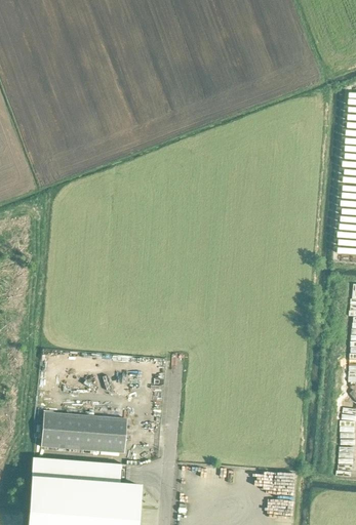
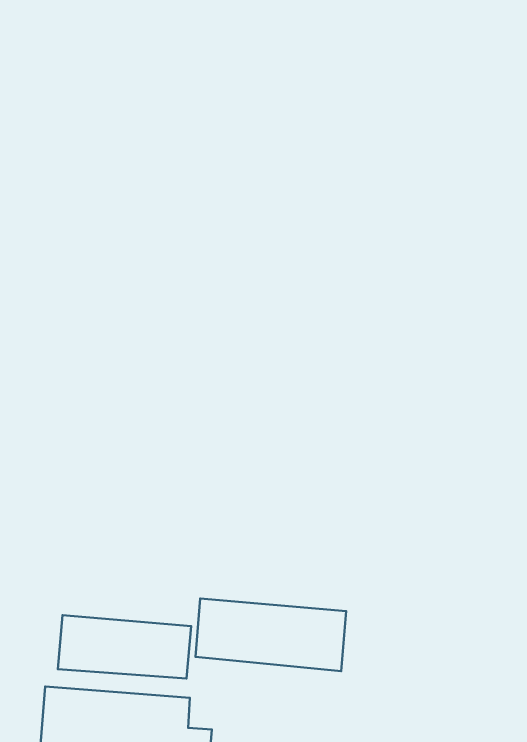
building: none -> [195,598,346,671]

